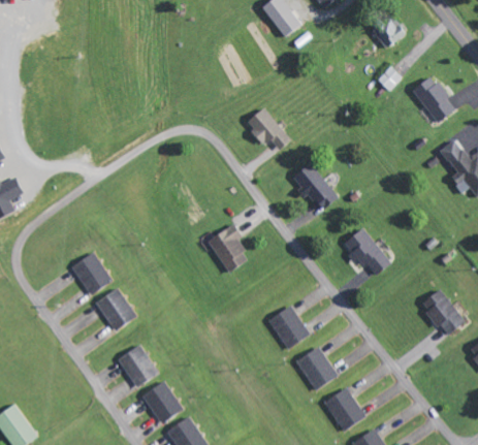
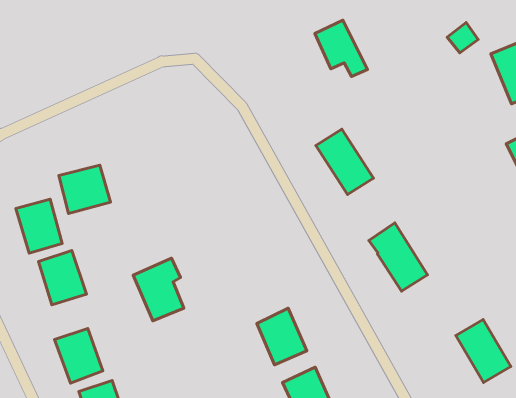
building: [245,107,289,149] -> [315,20,368,76]
building: none -> [59,165,110,214]
building: [206,223,249,273] -> [133,258,184,321]

